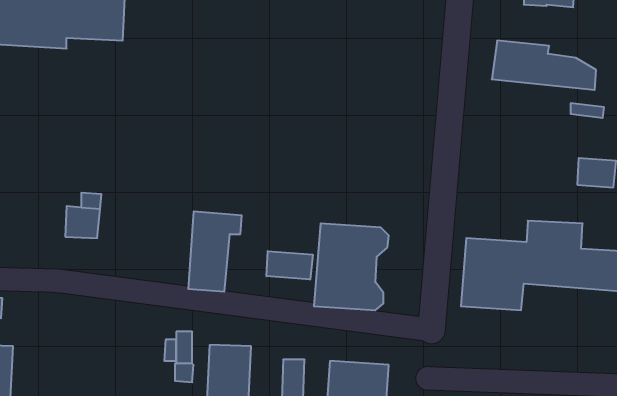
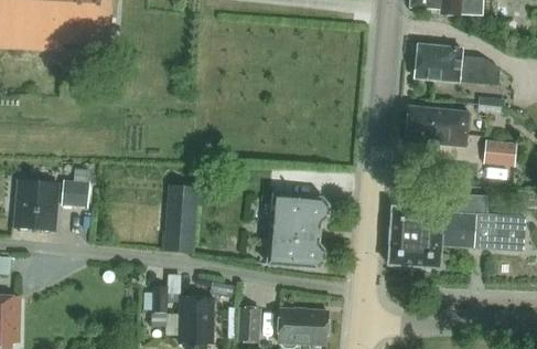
building: none -> [407,109,465,145]
building: none -> [15,180,57,231]
building: [267,251,313,280] -> none

